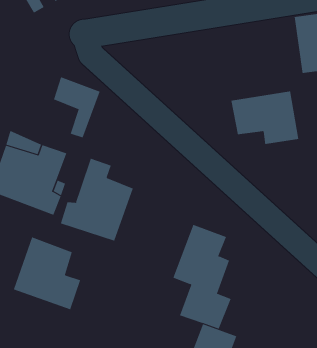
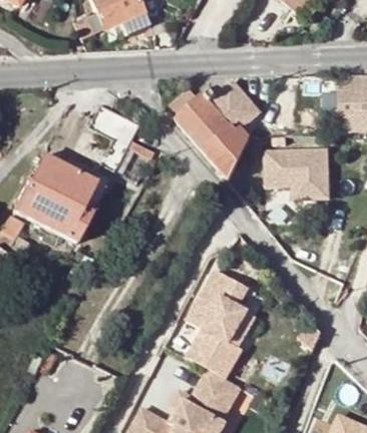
building: none -> [172,79,261,182]
building: [60,158,133,241] -> none
building: [13,237,81,310] -> none

